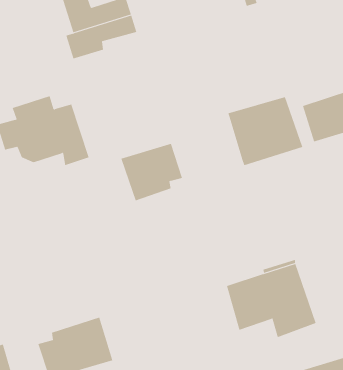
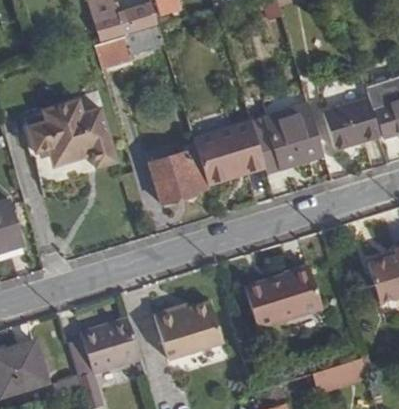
building: none -> [194,123,264,183]
building: none -> [152,301,221,359]

